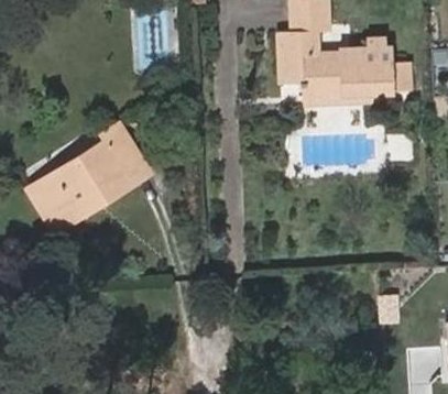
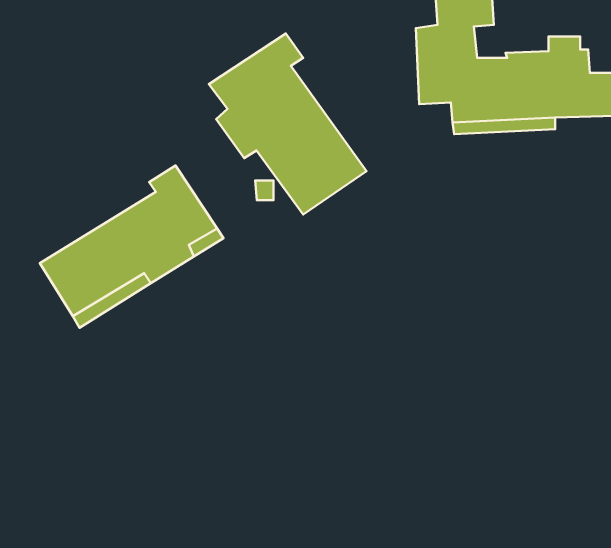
building: none -> [209,33,367,214]

